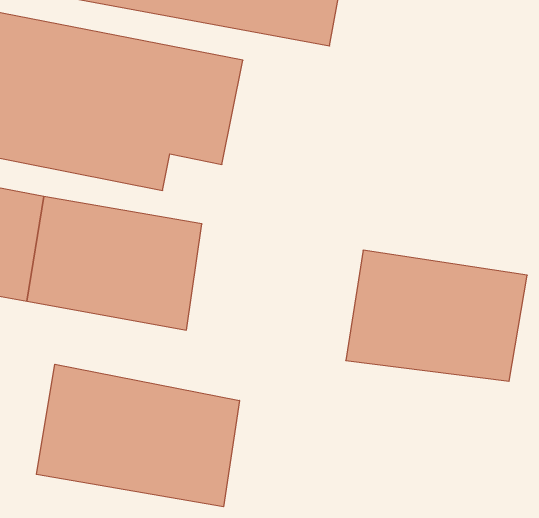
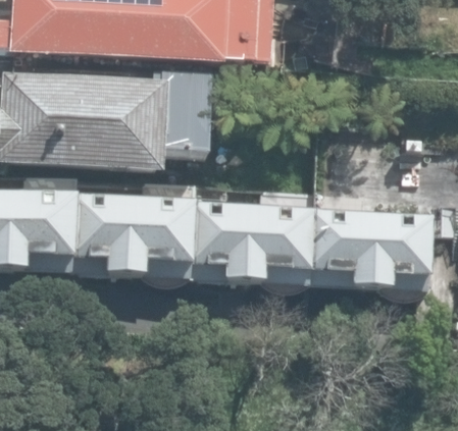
building: none -> [191,202,309,286]
building: [36,364,239,507] -> none

